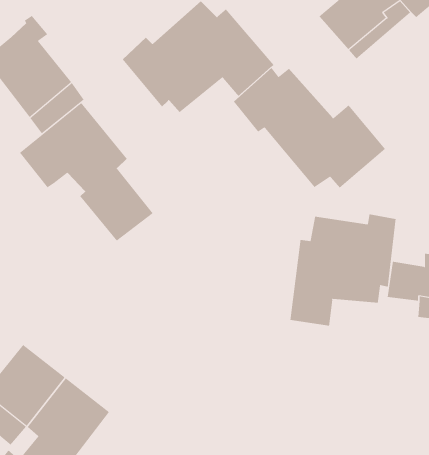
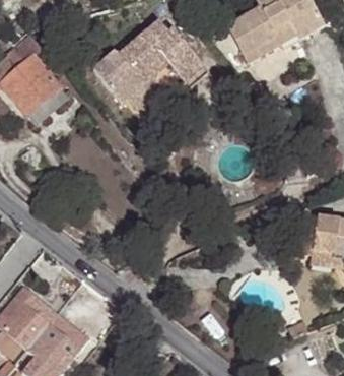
building: [233,67,386,189] -> none
building: [19,102,154,242] -> none
building: [290,213,396,327] -> none

